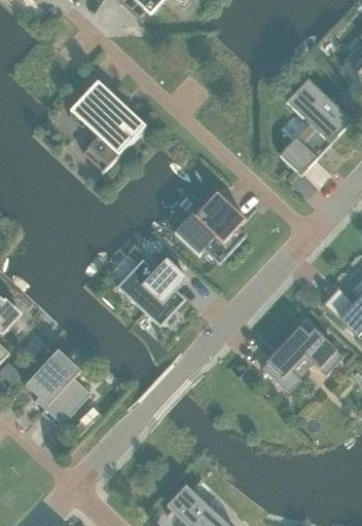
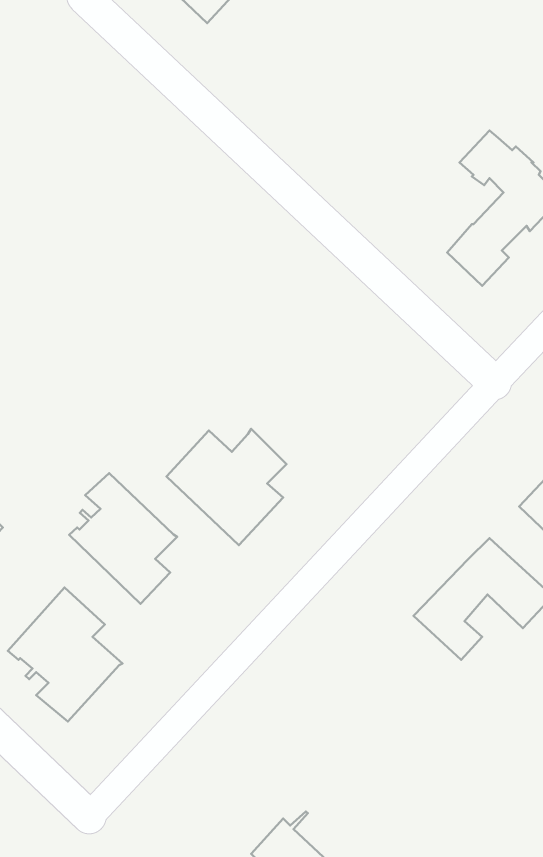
building: [69,80,145,171] -> none
building: [174,191,246,261] -> none
building: none -> [69,473,177,604]

